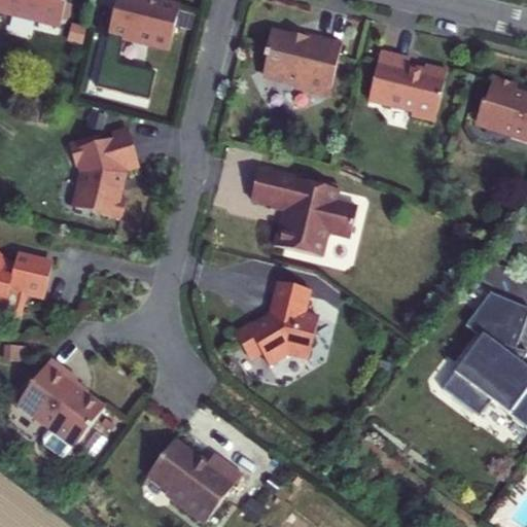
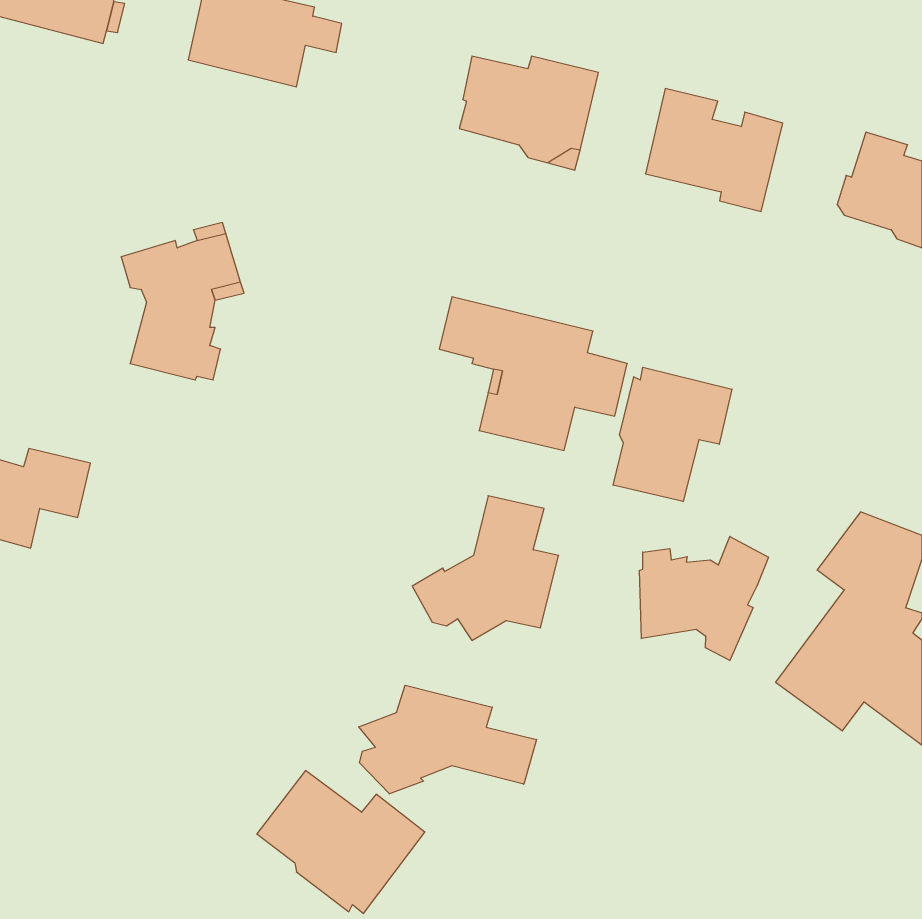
building: none -> [613,367,732,502]
building: none -> [639,536,768,661]
building: [16,358,104,458] -> none
building: none -> [359,685,537,794]

